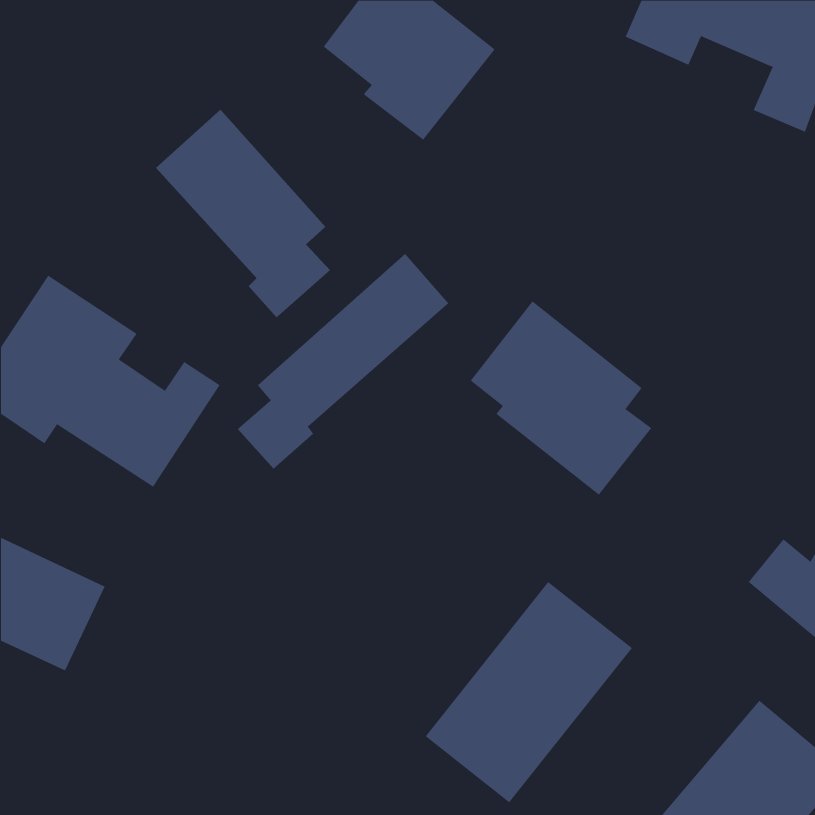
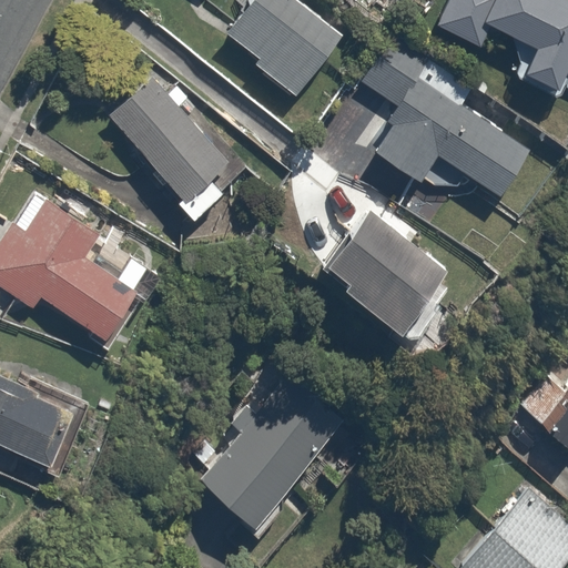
building: none -> [361,55,529,201]
building: [237,253,449,470] -> none
building: [425,581,633,803] -> [199,372,343,526]

